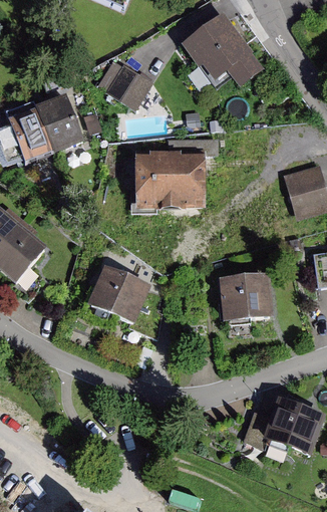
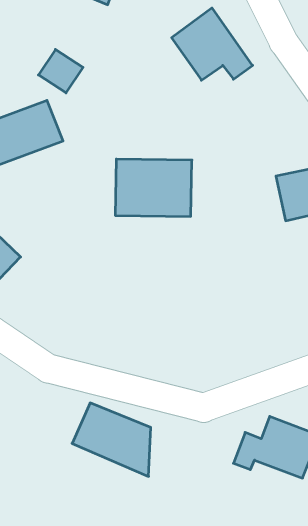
building: [109,61,151,102] -> [38,49,83,93]
building: [87,266,161,335] -> [72,403,151,476]
building: [217,271,274,321] -> none

